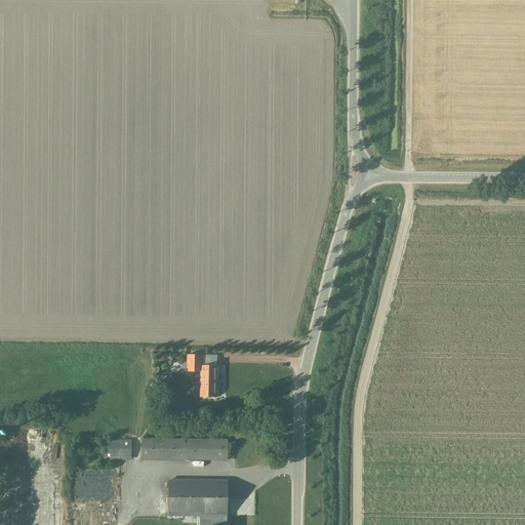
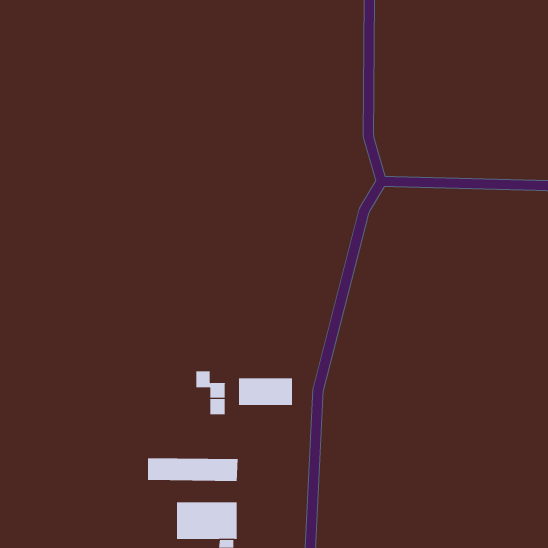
building: none -> [238,378,292,406]
building: [105,438,132,459] -> none

